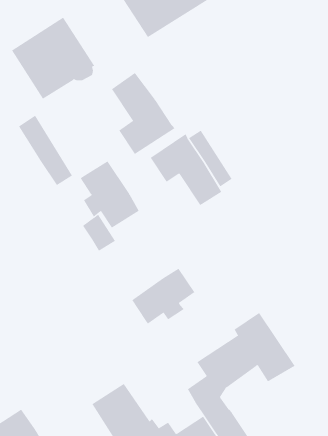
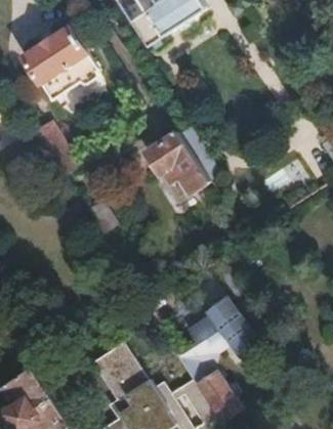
building: [111,72,175,155] -> none
building: [80,160,140,229] -> none
building: [131,268,195,324] -> none

